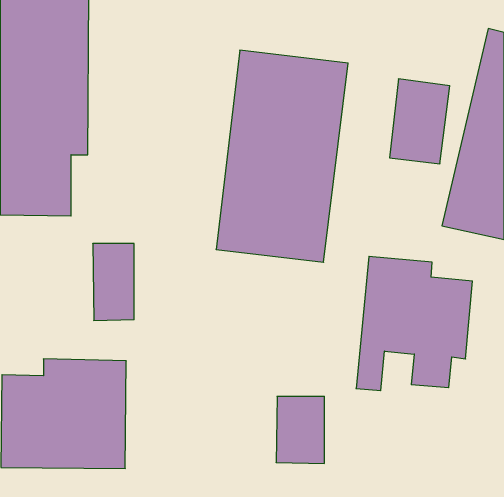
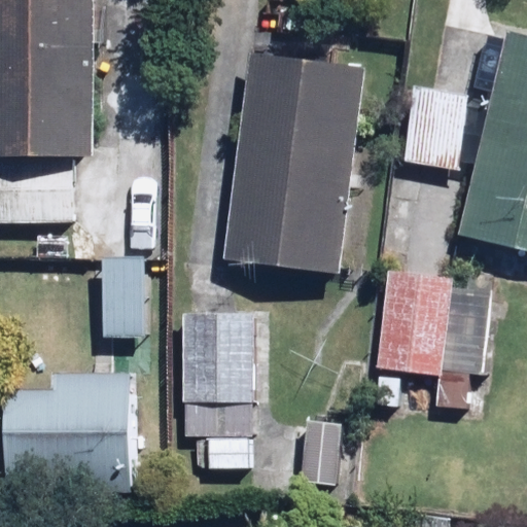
building: none -> [182,311,255,467]

